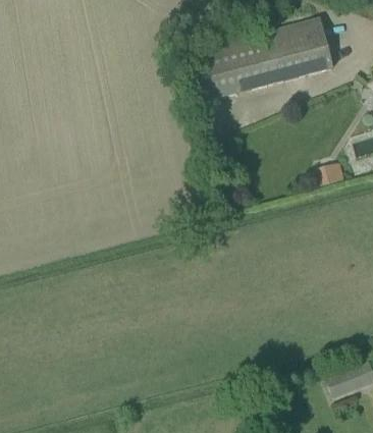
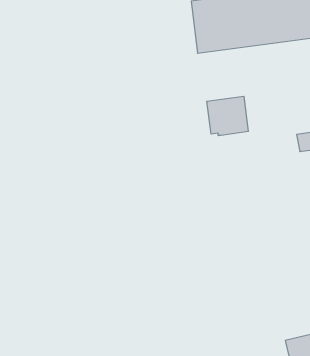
building: none -> [207,96,248,136]

